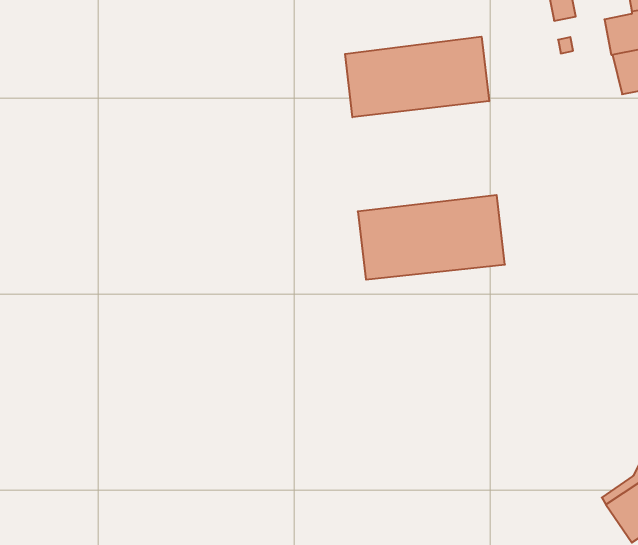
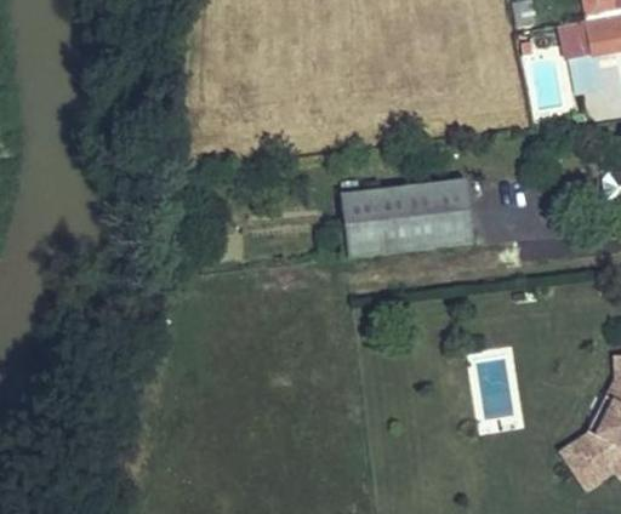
building: [345,37,489,117] -> none

